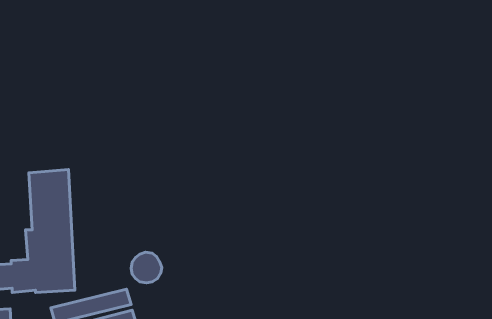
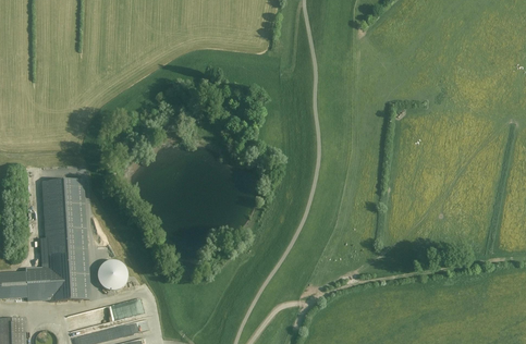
building: [131,252,162,283] -> [97,259,127,290]

